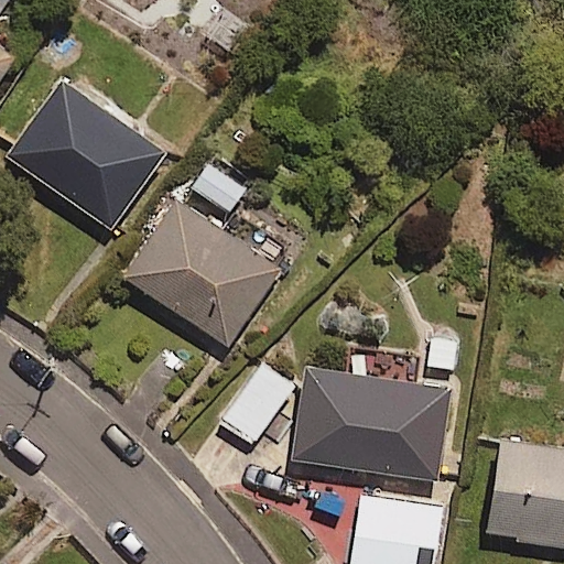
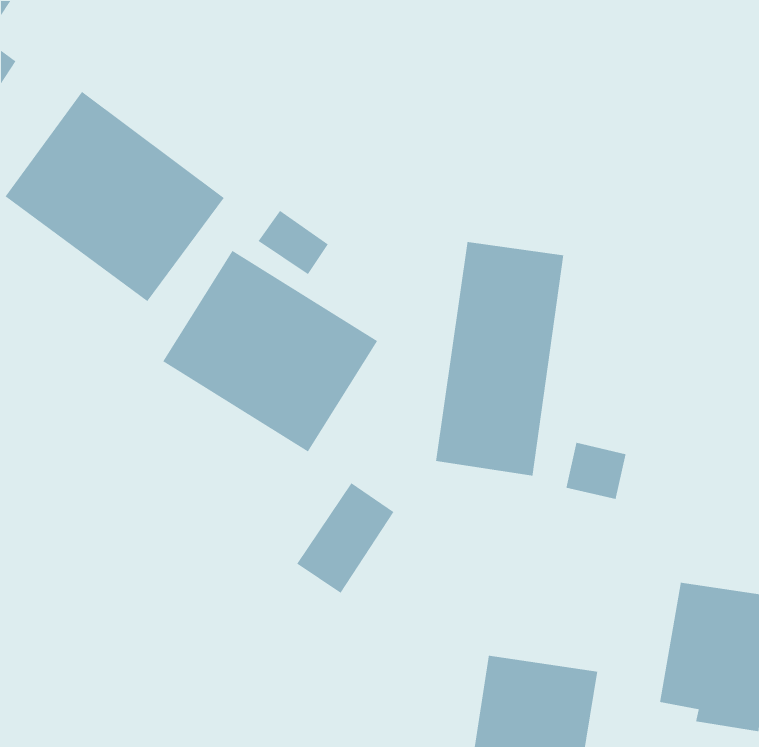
building: none -> [435,241,564,477]
building: [290,367,451,482] -> none

